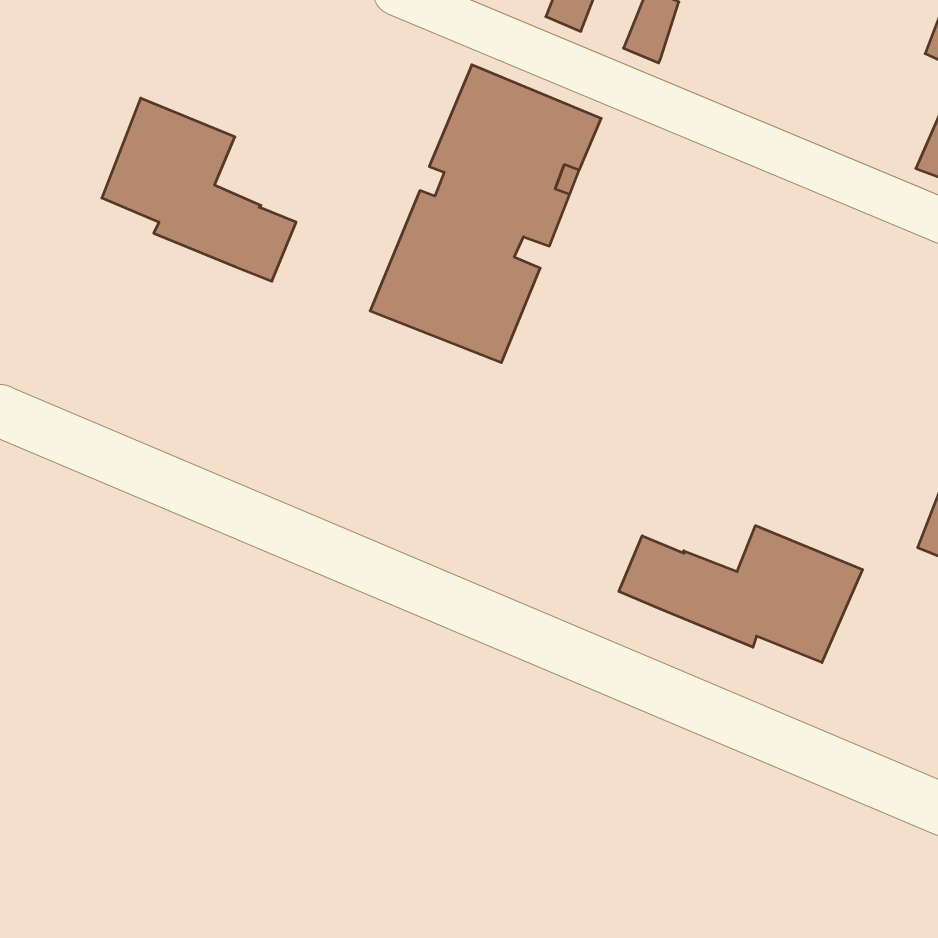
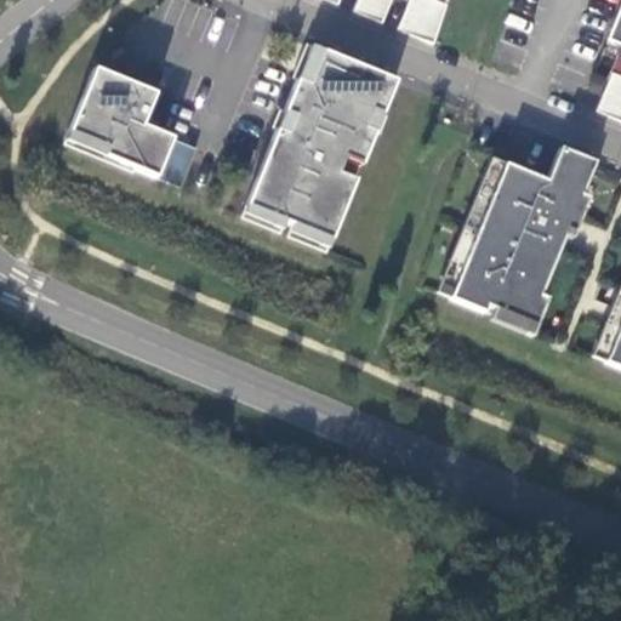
building: none -> [452,144,598,320]
building: [619,526,863,663] -> none

